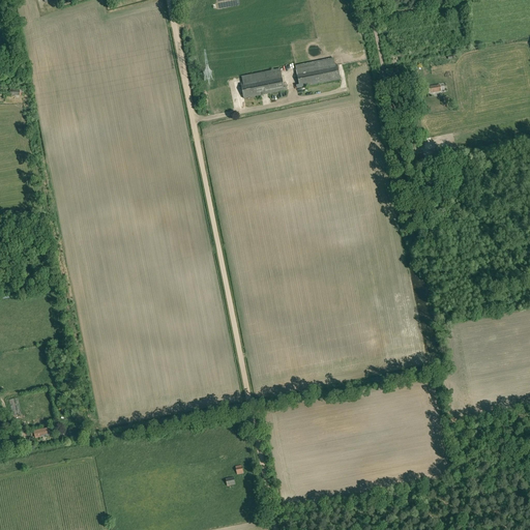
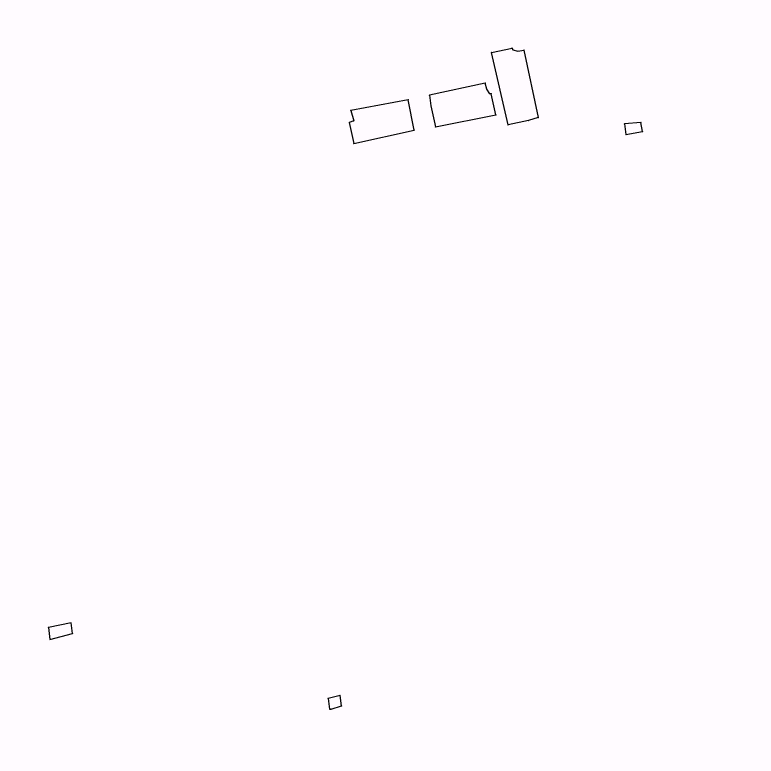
building: none -> [492,48,538,125]

